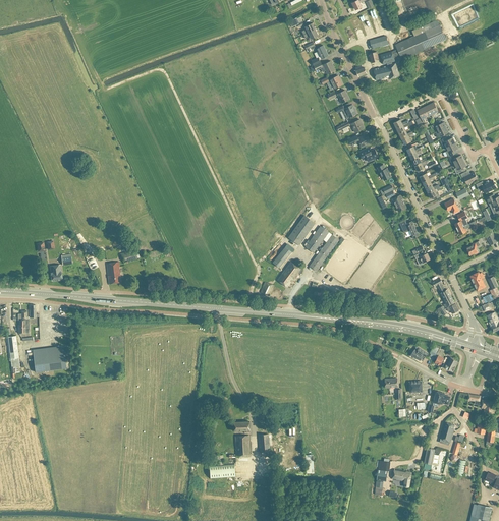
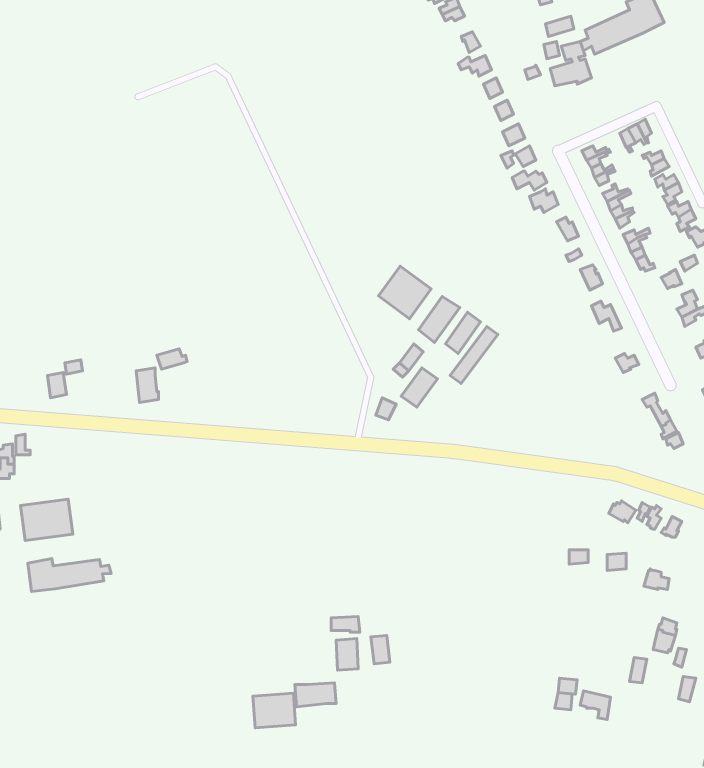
building: none -> [378,266,431,319]
building: none -> [28,559,111,592]
building: none -> [253,693,296,728]

